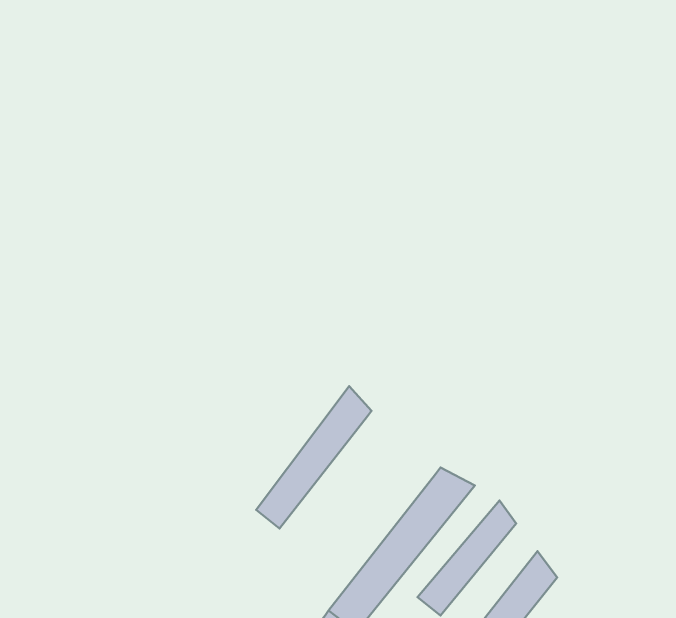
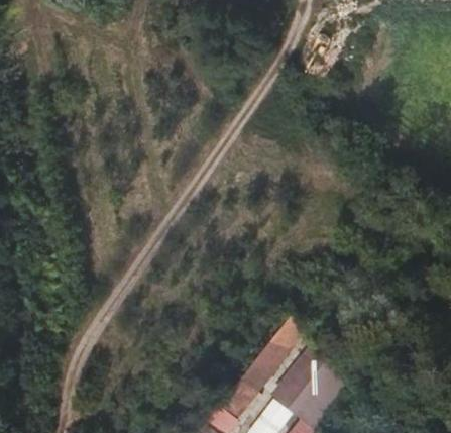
building: [256,386,372,529] -> none

